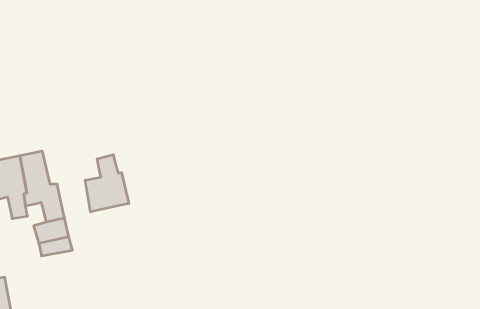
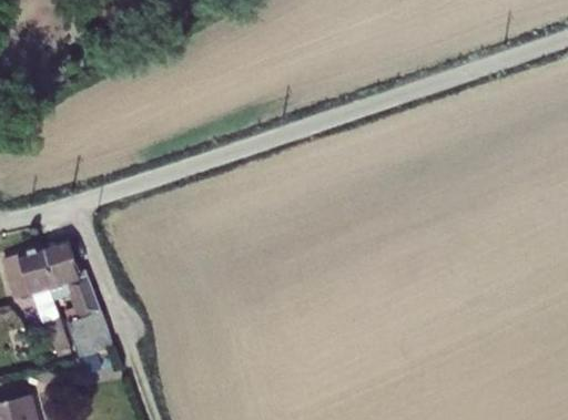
building: [85,155,129,212] -> none

